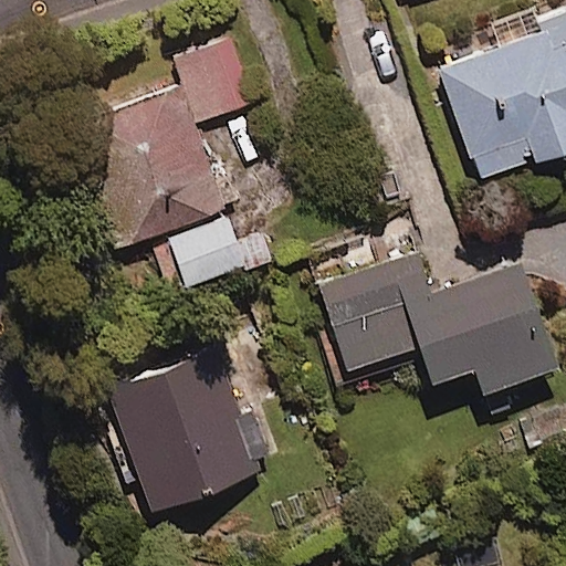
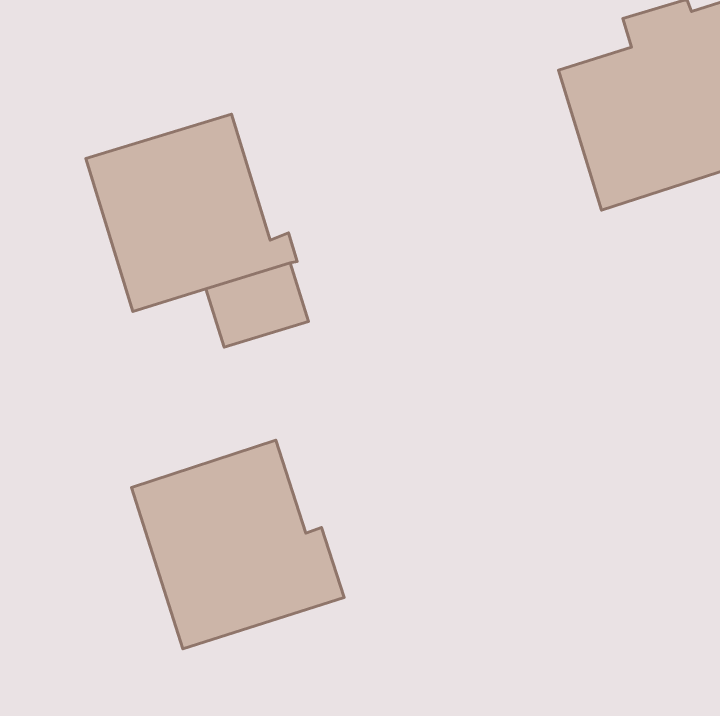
building: [178,42,260,128] -> none
building: [314,255,553,387] -> none

